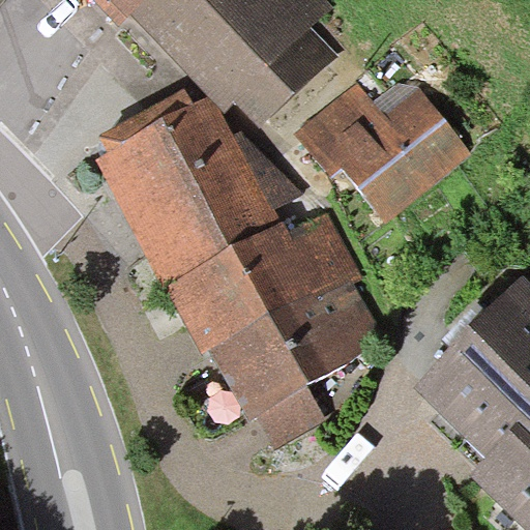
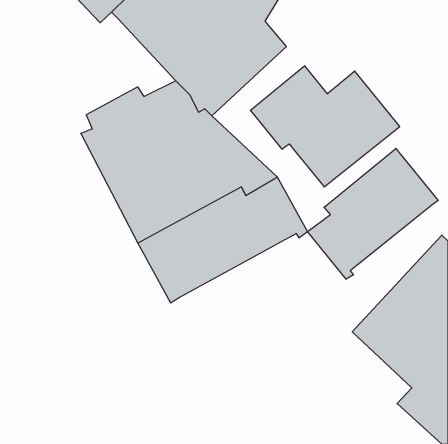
building: none -> [307,148,438,279]
building: [211,275,386,447] -> none

